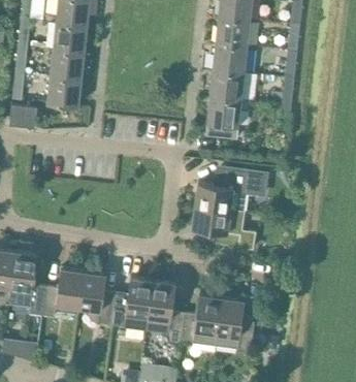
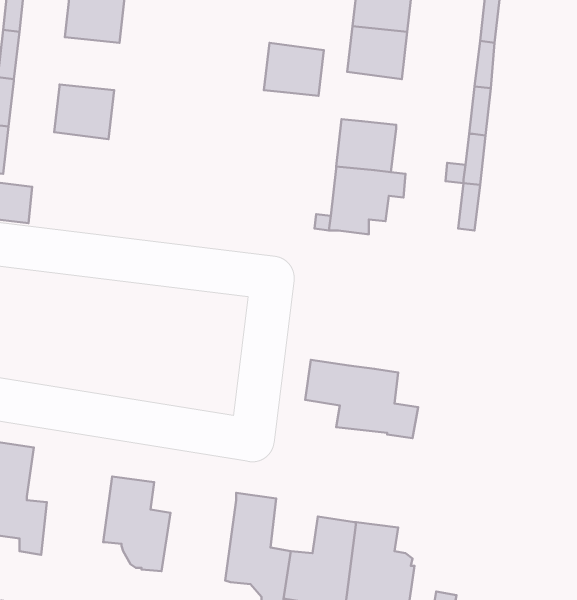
building: [53,23,87,53] -> none
building: [213,42,247,72] -> [264,43,324,96]
building: [47,76,80,107] -> none
building: [195,166,266,213] -> none
building: [42,268,83,317] -> none
building: [110,278,153,330] -> none

